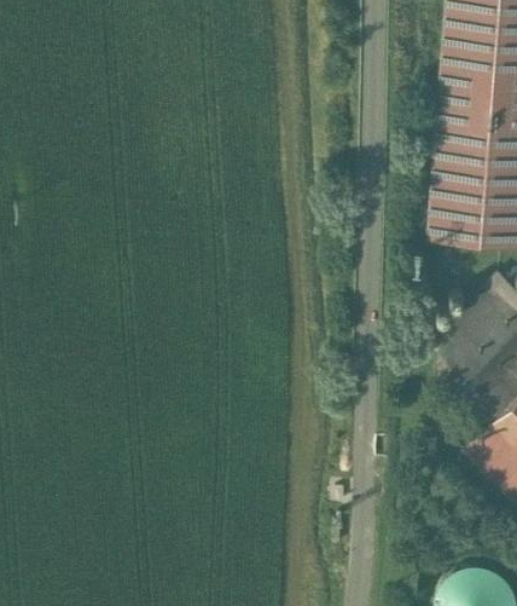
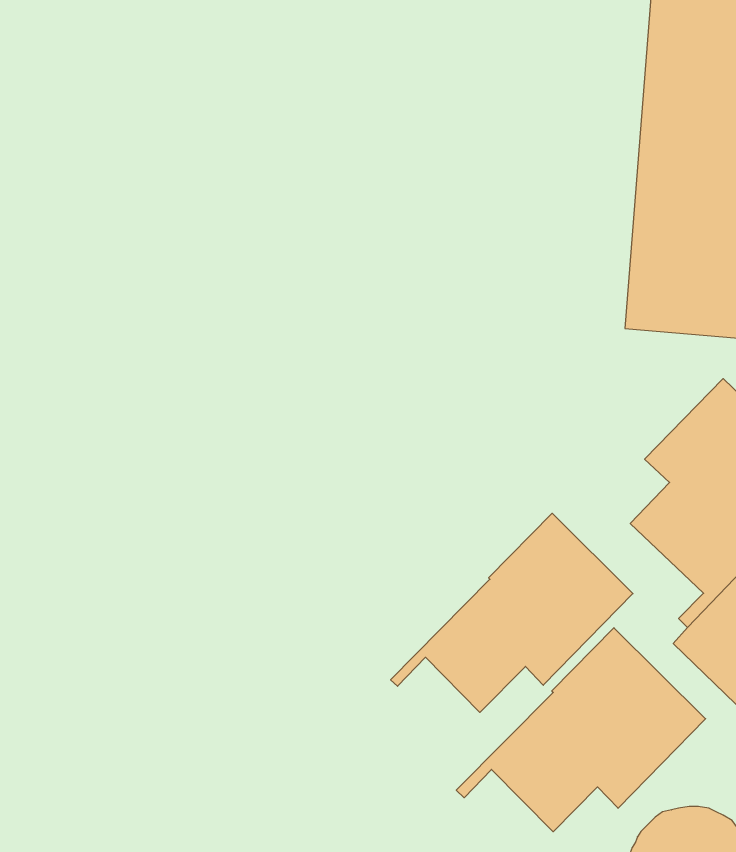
building: none -> [391,513,633,712]
building: none -> [456,628,706,832]

